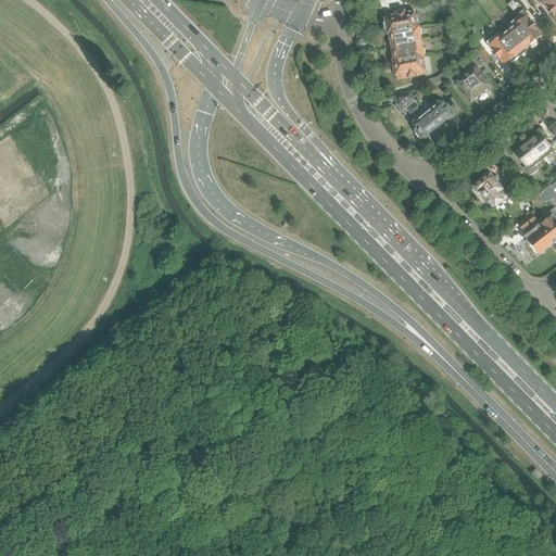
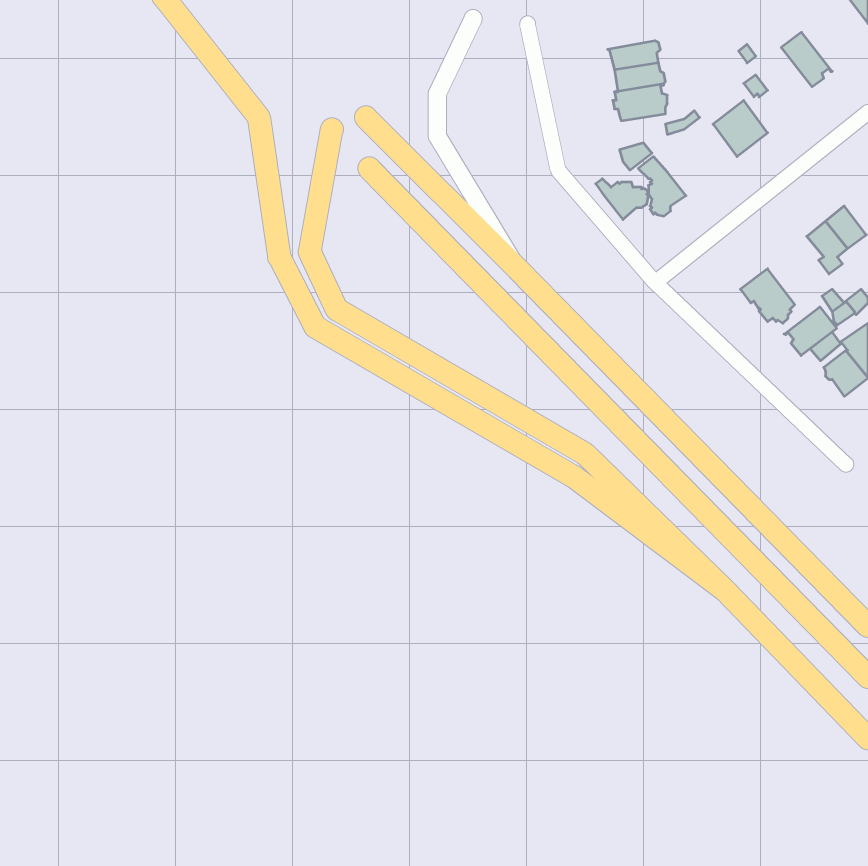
building: [383,8,418,31] -> none
building: [511,9,542,46] -> none
building: [485,30,518,63] -> none
building: [420,99,454,125] -> [596,179,648,220]
building: none -> [784,307,837,356]

